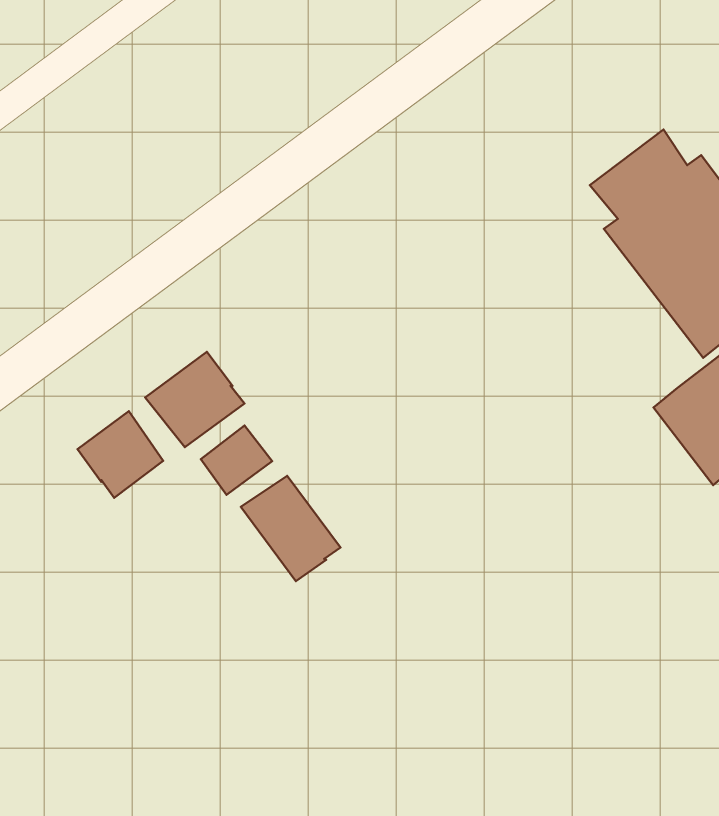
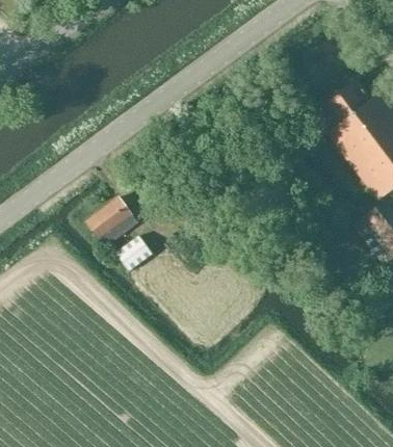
building: [78,411,163,498] -> none
building: [241,476,340,581] -> none

